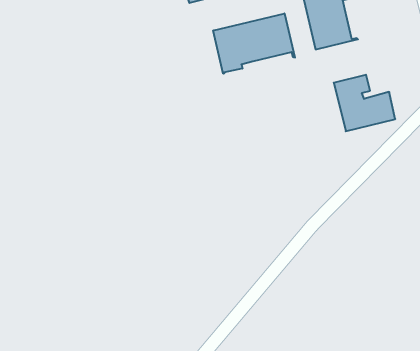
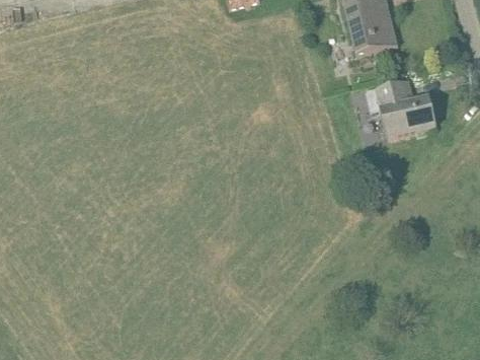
building: [213,13,295,74] -> none

